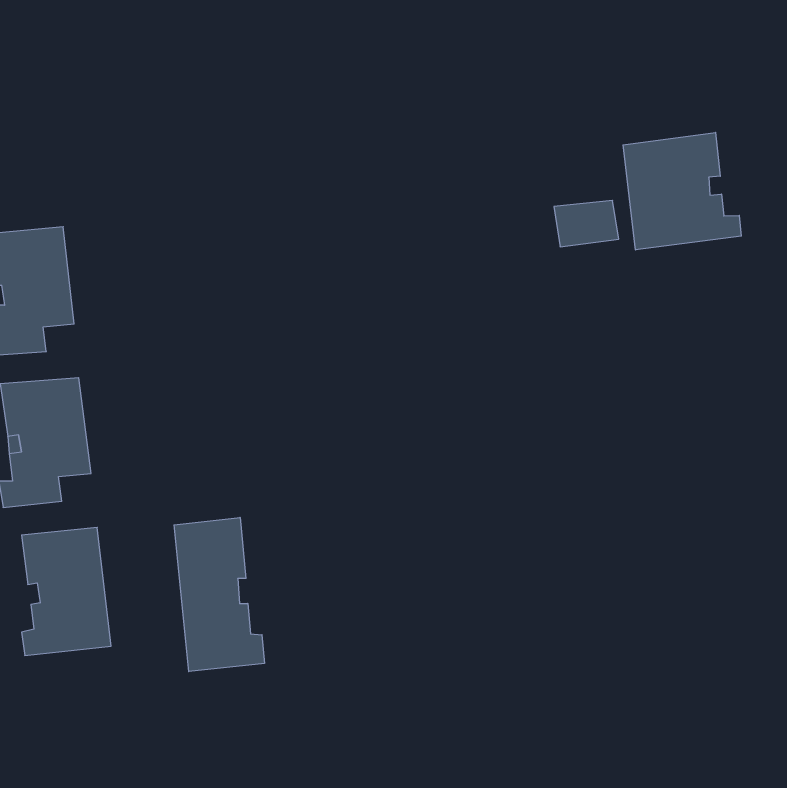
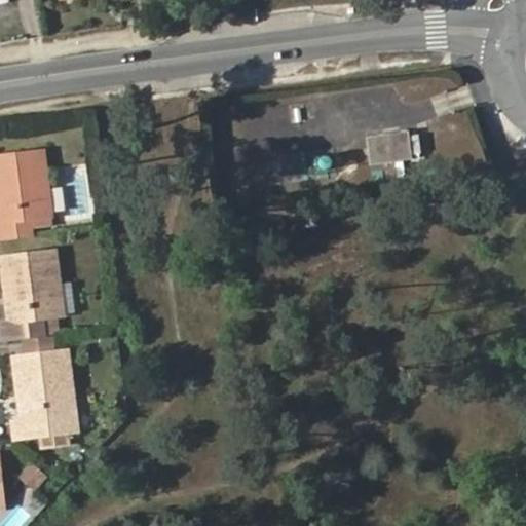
building: [623,132,741,250] -> none
building: [174,517,264,672] -> none

